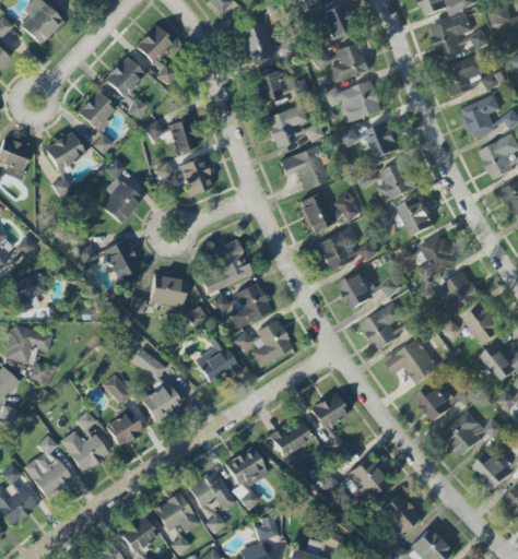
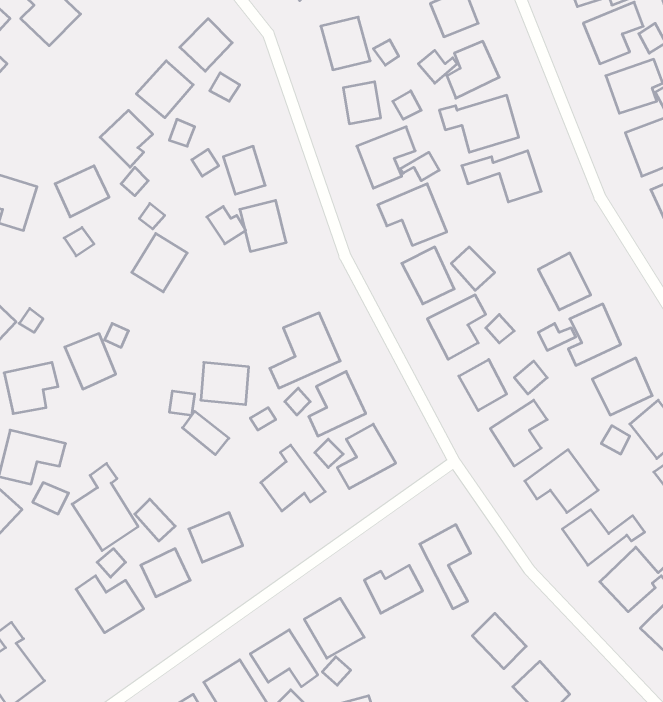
building: [377,160,415,203] -> none
building: [103,239,140,280] -> [65,334,116,389]
building: [132,348,166,380] -> [182,411,229,455]
building: [24,436,72,499] -> [72,463,138,551]

